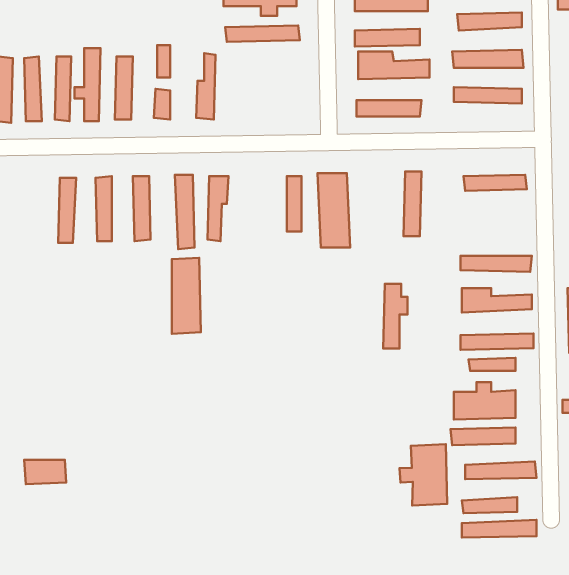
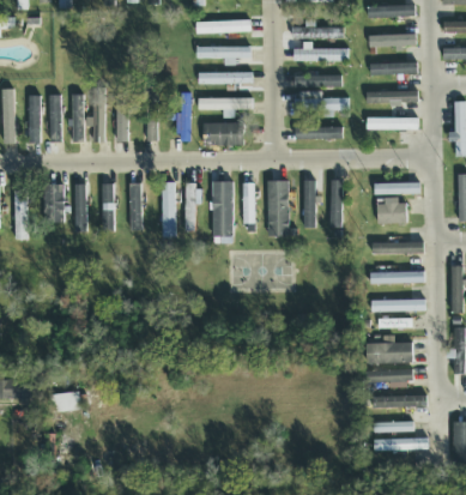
building: none -> [198,96,253,116]
building: none -> [204,121,244,145]
building: none -> [43,183,65,221]
building: none -> [377,199,406,223]
building: [172,258,201,334] -> [212,180,234,236]
building: [383,284,408,349] -> [303,179,321,227]
building: [400,444,447,505] -> none

